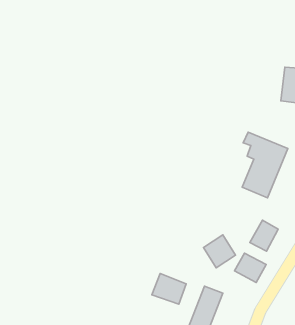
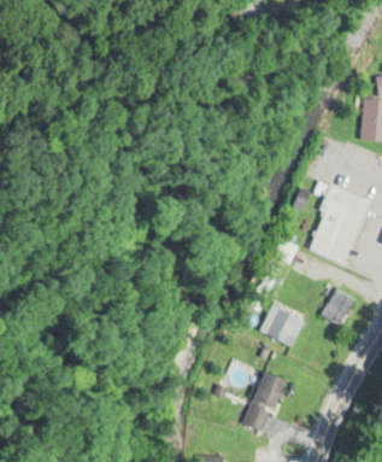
building: [234,253,266,282] -> none
building: [152,274,186,304] -> none

